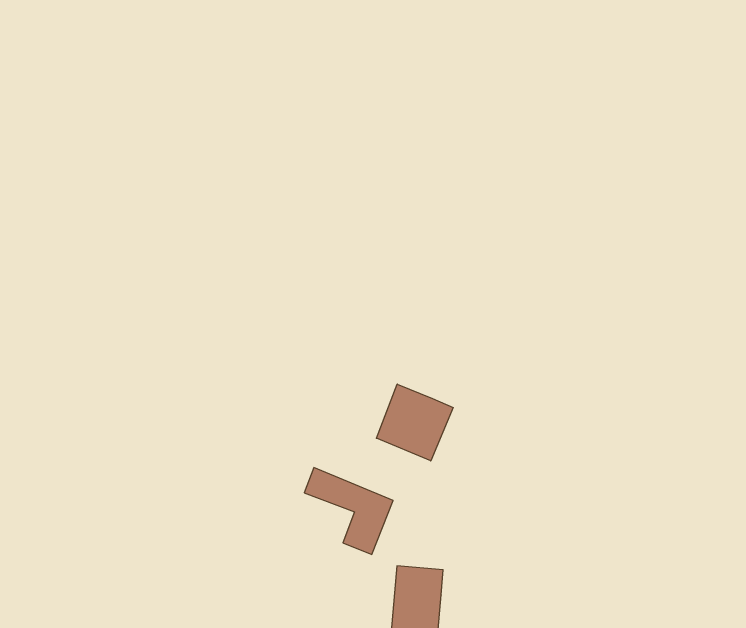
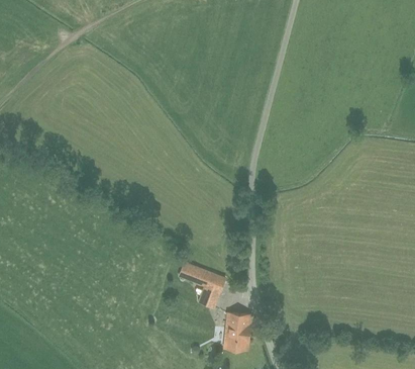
building: [376,384,453,461] -> none

